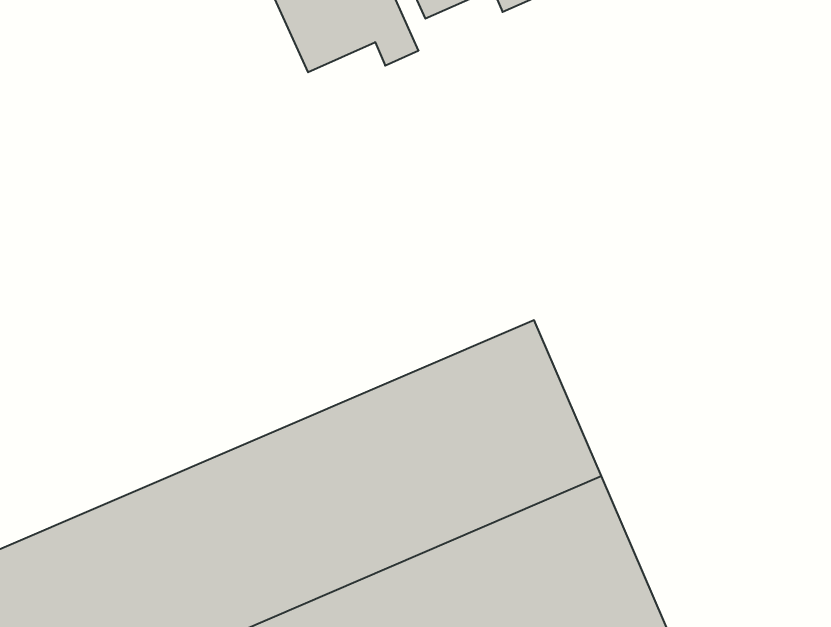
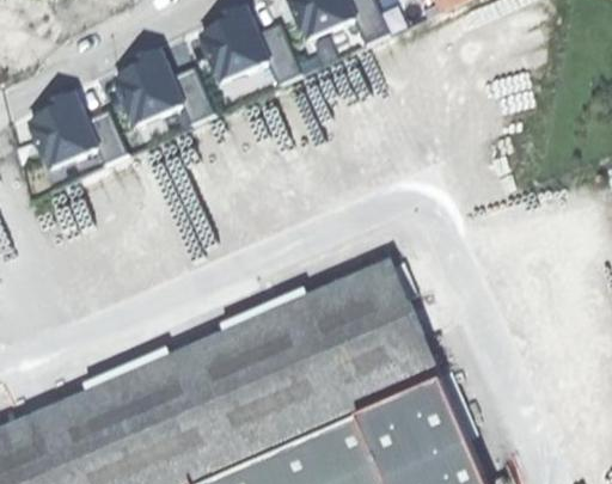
building: none -> [115,51,218,128]
building: none -> [29,92,131,169]

